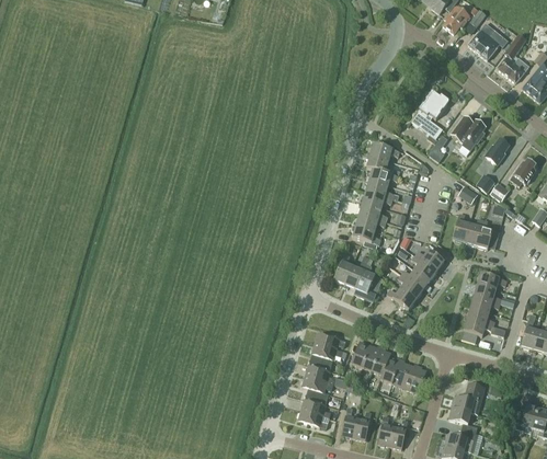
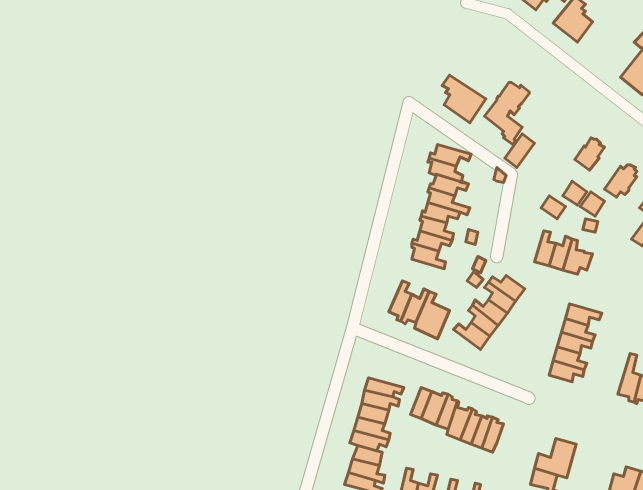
building: [498,34,529,82] -> none
building: none -> [442,75,486,123]
building: [452,115,486,150] -> none

